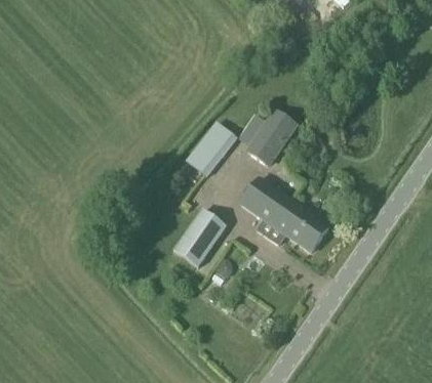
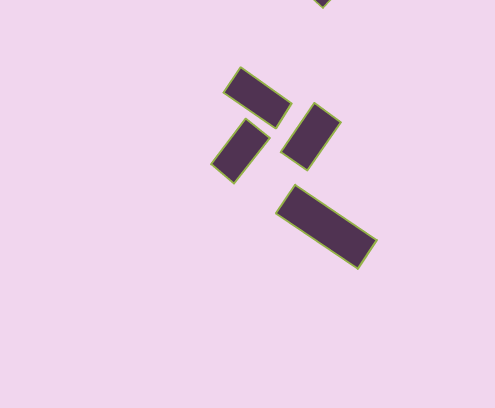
building: none -> [223,67,292,128]
building: [173,210,226,266] -> none

